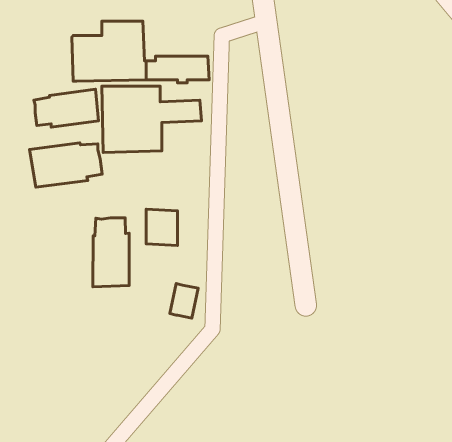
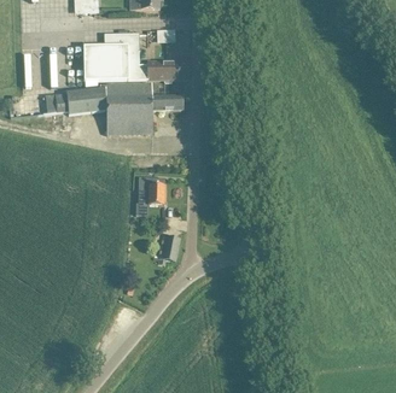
building: [30,143,102,187] -> none
building: [93,218,129,287] -> none

